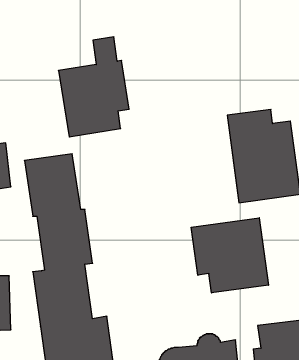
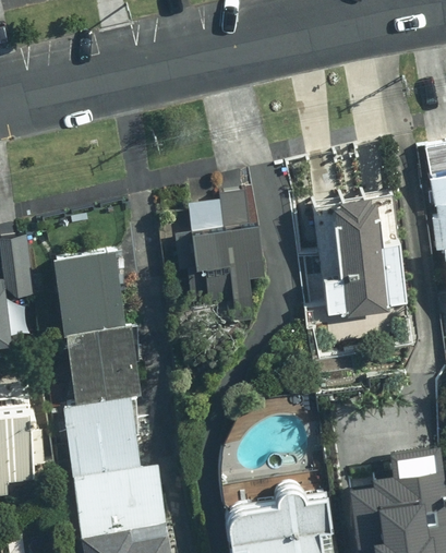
building: [58,37,129,137] -> [172,193,264,323]
building: [191,218,268,293] -> none

